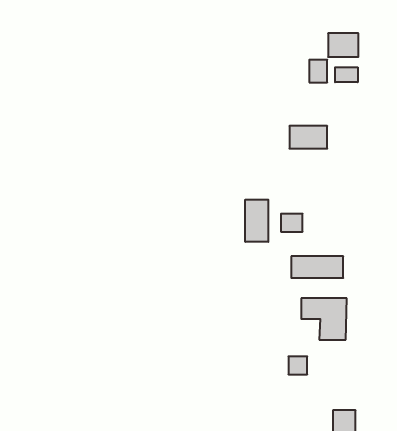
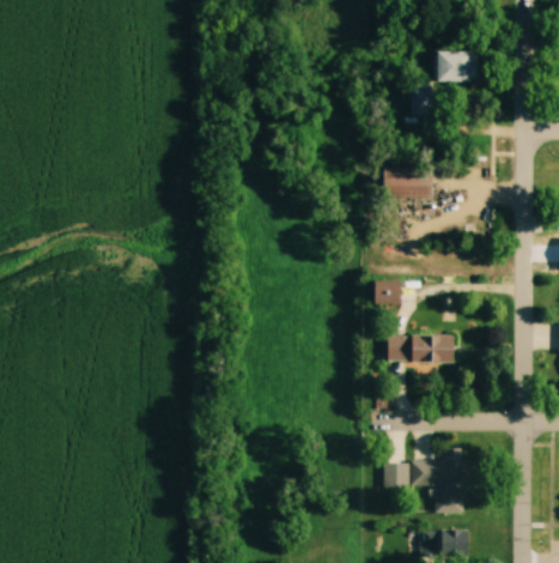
building: [335,67,358,82] -> none
building: [245,200,268,242] -> none
building: [301,298,347,340] -> [411,460,468,513]

